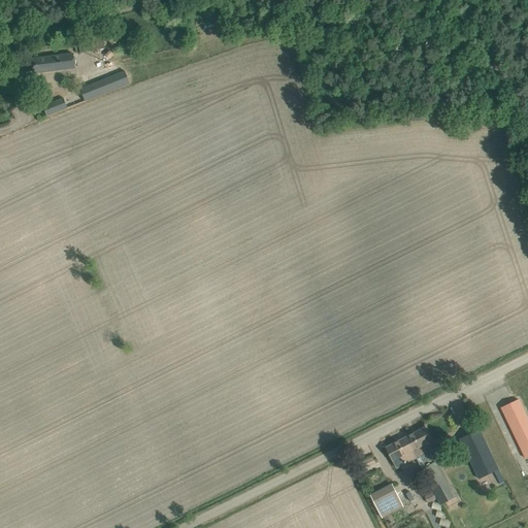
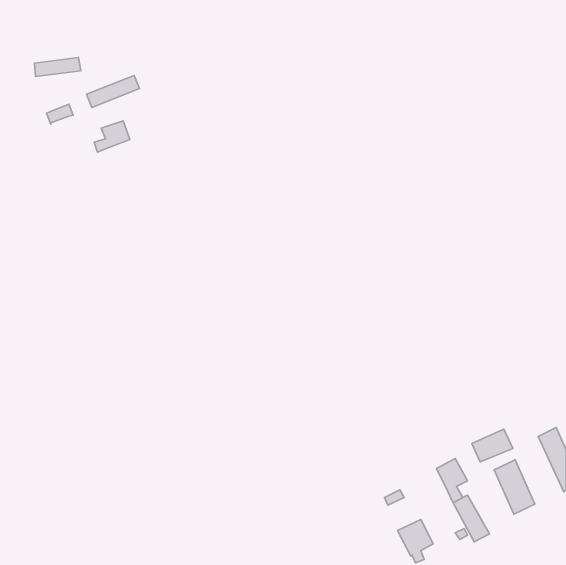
building: none -> [94,121,130,152]
building: none -> [472,429,513,462]
building: [386,436,417,467] -> none

